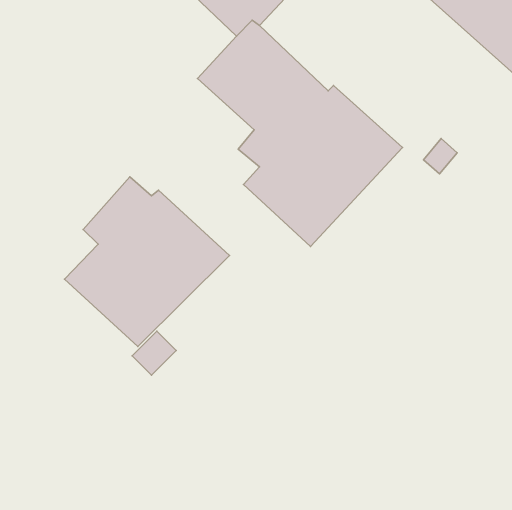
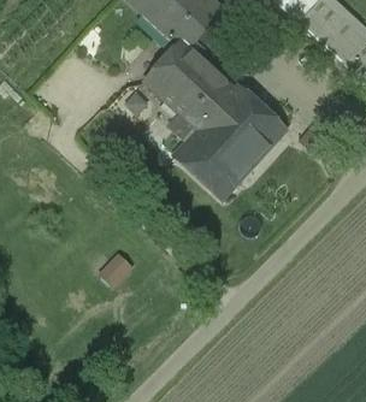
building: [64,177,230,347] -> none

